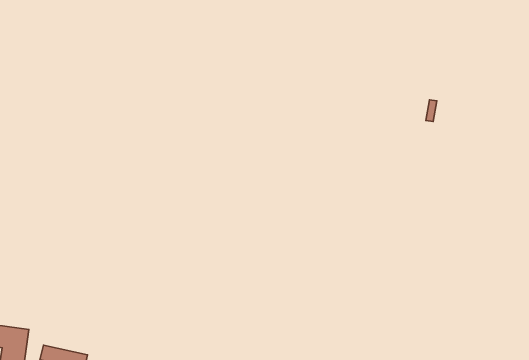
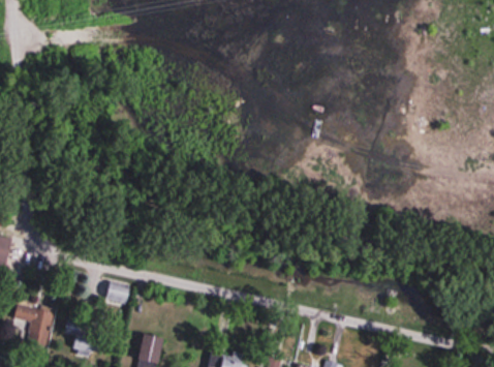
building: none -> [105,280,130,305]

